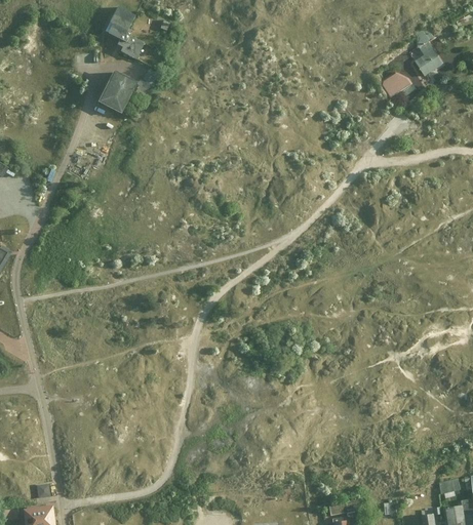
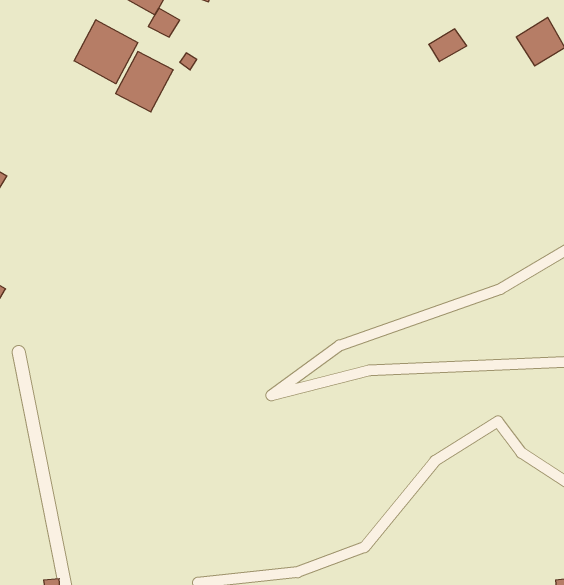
building: none -> [74,20,138,84]
building: [381,75,410,100] -> [429,29,467,62]

